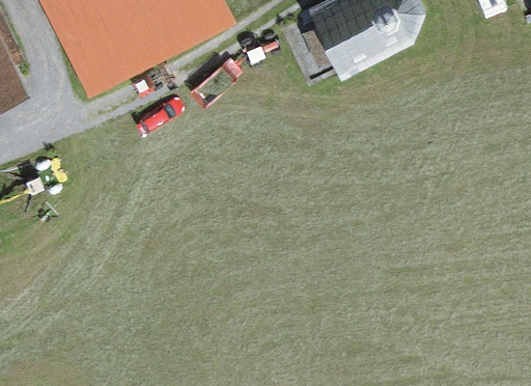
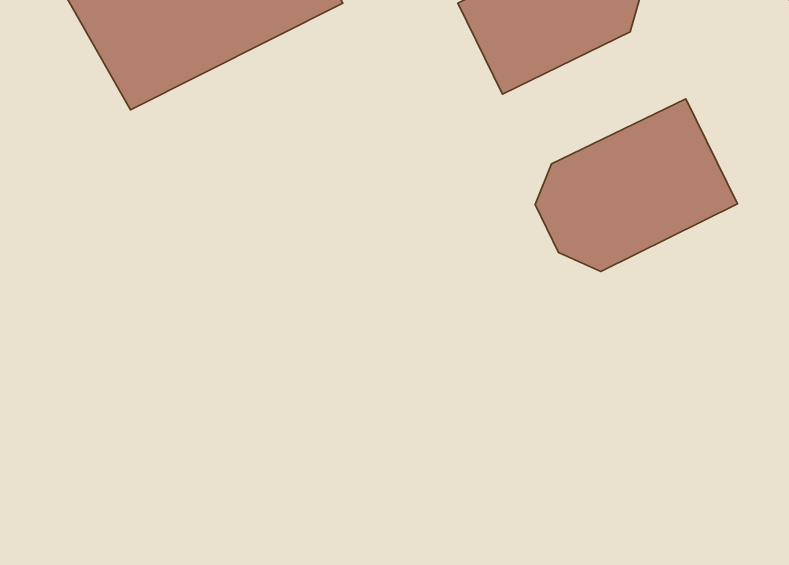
building: none -> [535,99,737,272]

